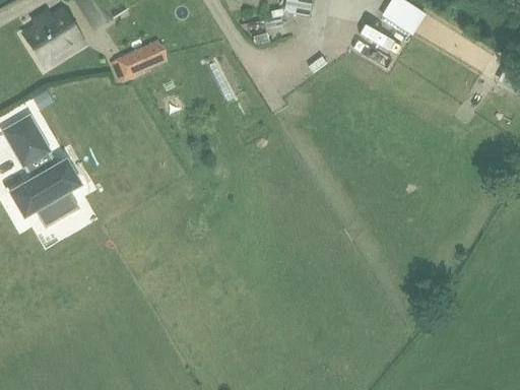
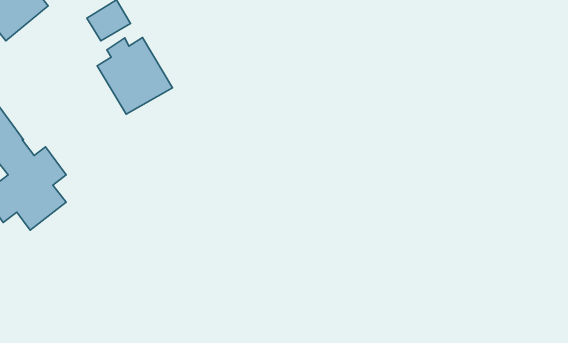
building: none -> [97,37,172,114]

